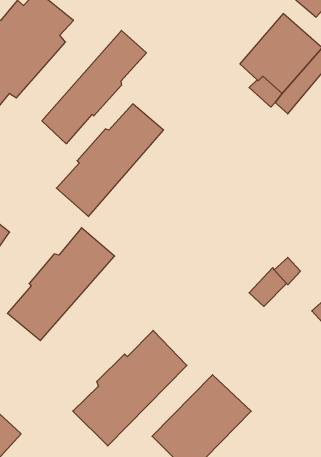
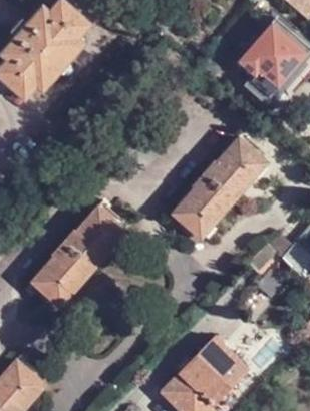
building: [42,30,146,144] -> none
building: [56,104,164,217] -> [172,139,266,239]
building: [73,330,187,446] -> none

